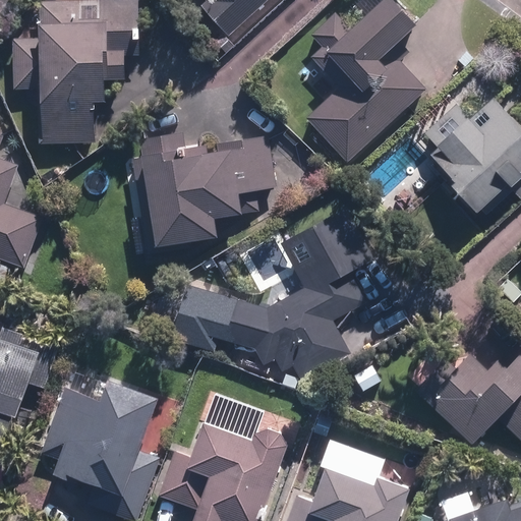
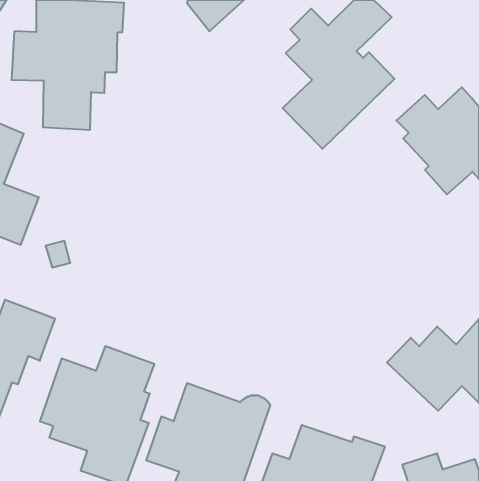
building: [118,129,278,252] -> none
building: [172,212,383,381] -> none

